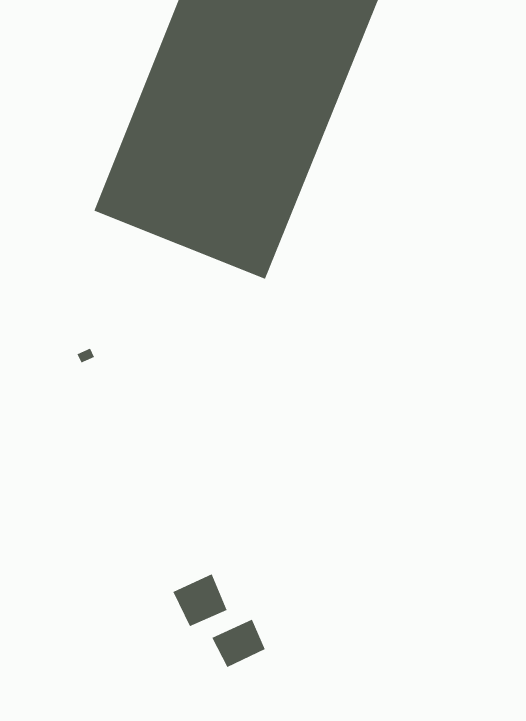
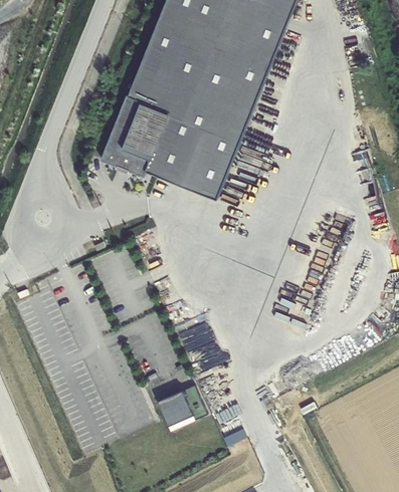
building: [211,619,266,668] -> none

